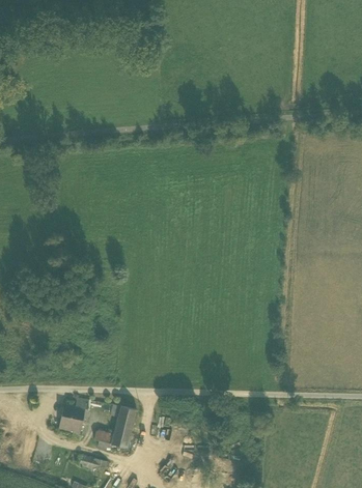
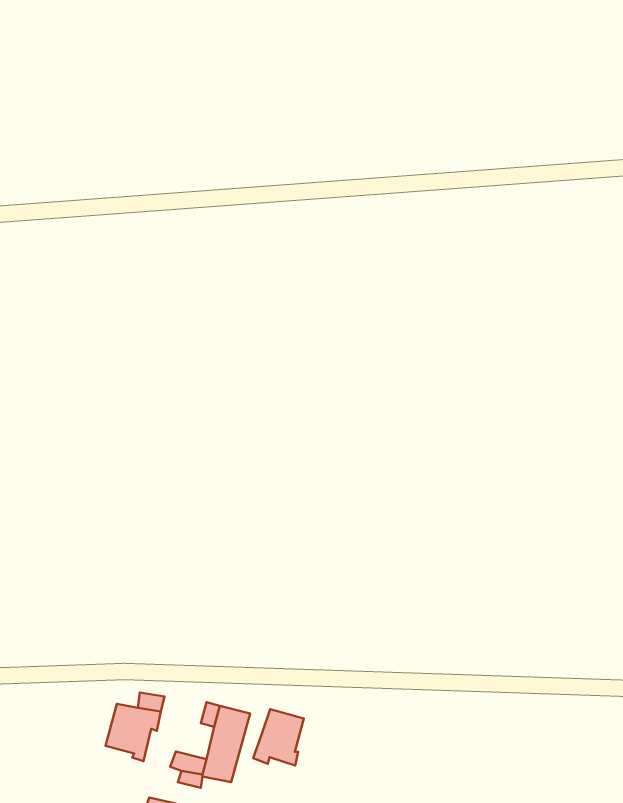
building: none -> [253,709,304,765]

